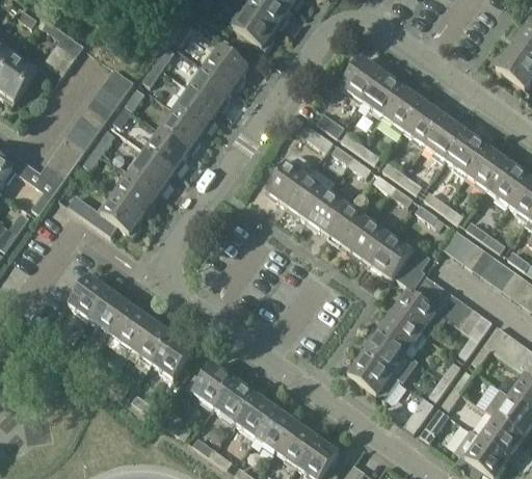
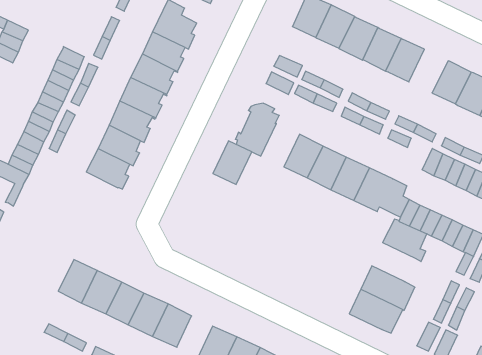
building: [445,131,486,175] -> none
building: [288,178,329,221] -> [213,141,252,184]
building: [68,192,143,236] -> none
building: [377,312,421,353] -> none

